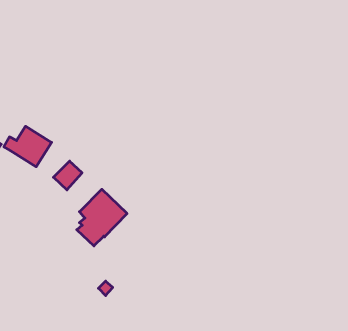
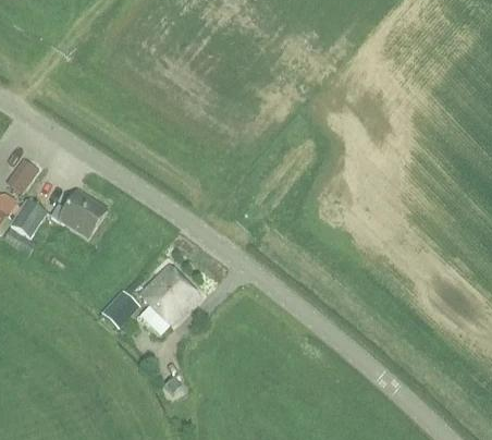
building: [53,161,82,190] -> [102,291,137,326]

